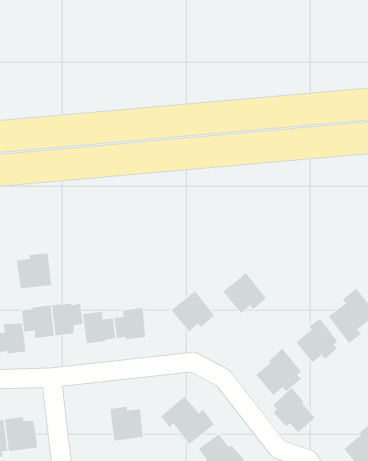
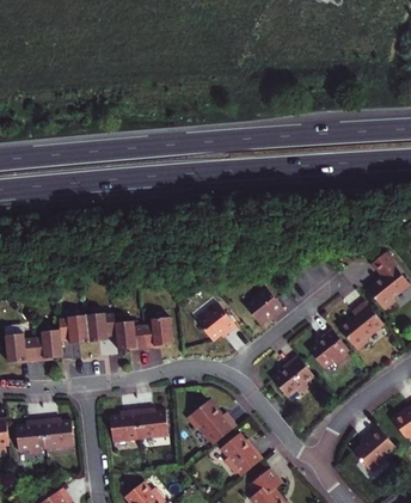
building: [16,253,52,289] -> none
building: [273,387,316,433] -> none
building: none -> [111,410,142,442]

